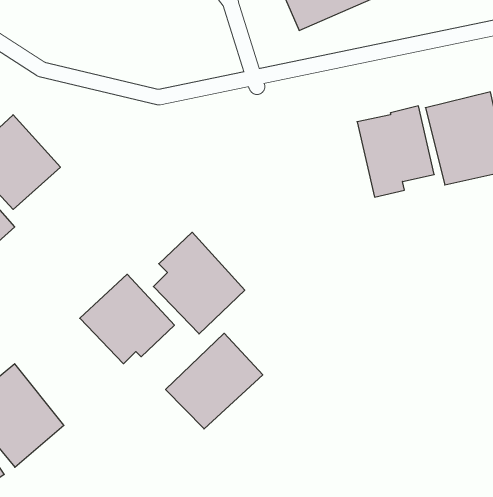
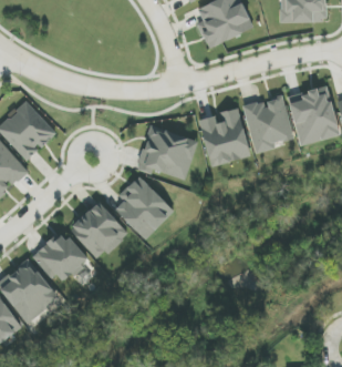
building: none -> [198,106,250,165]
building: none -> [136,125,197,179]
building: none -> [33,232,89,284]
building: [166,333,263,429] -> none

